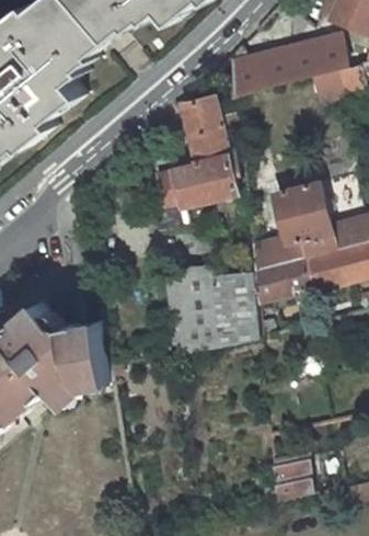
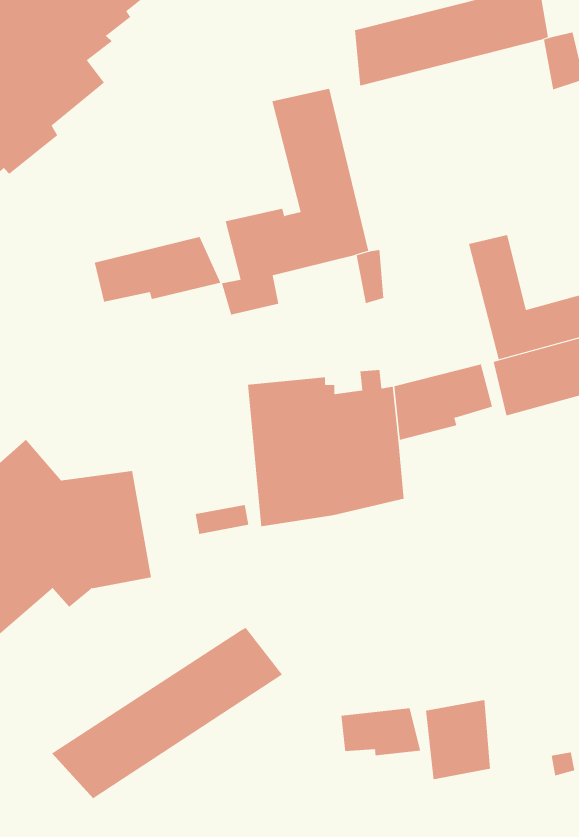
building: none -> [94,236,221,303]
building: [249,186,312,270] -> none
building: none -> [51,627,283,799]
building: none -> [341,707,421,756]

